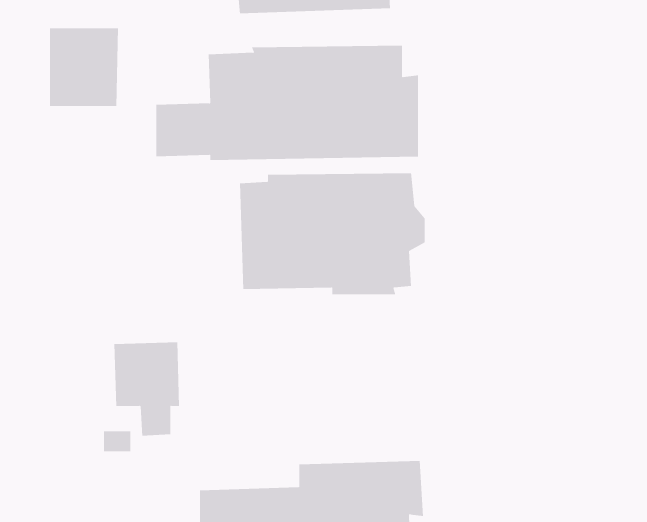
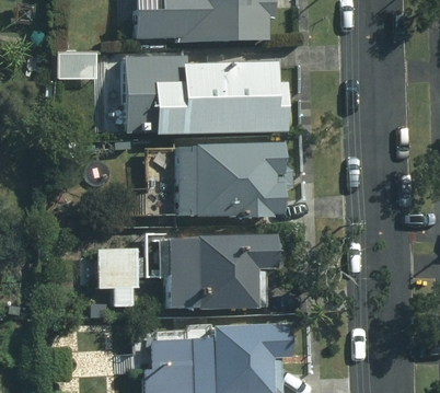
building: none -> [166,235,276,311]

